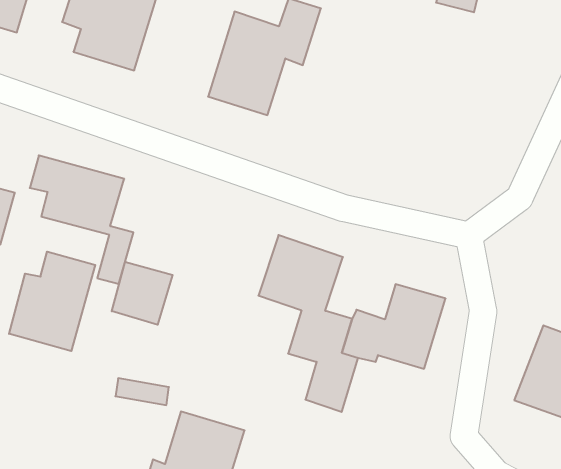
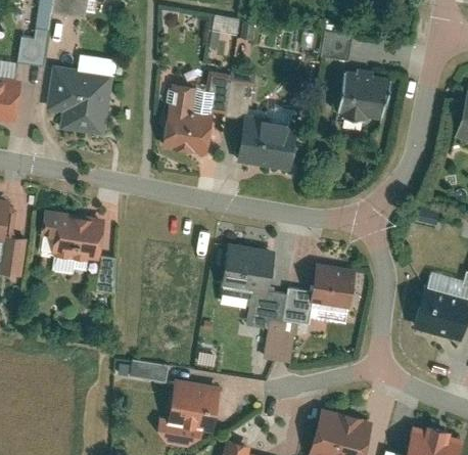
building: none -> [227,73,298,171]
building: none -> [338,69,390,120]
building: [9,252,95,351] -> none
building: [112,262,173,325] -> none

